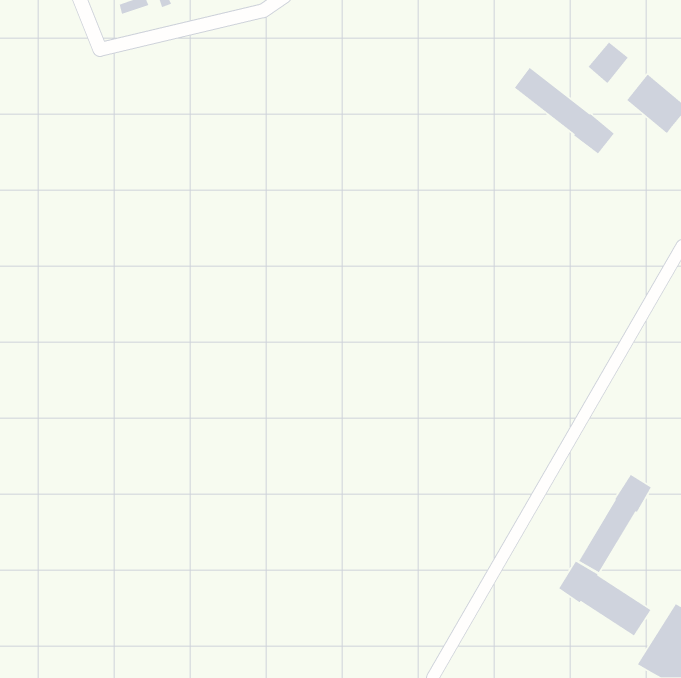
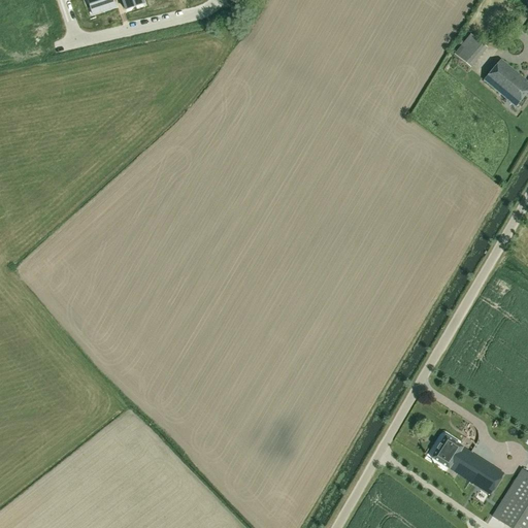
building: [514,67,615,154] -> none
building: [578,474,652,573] -> none

